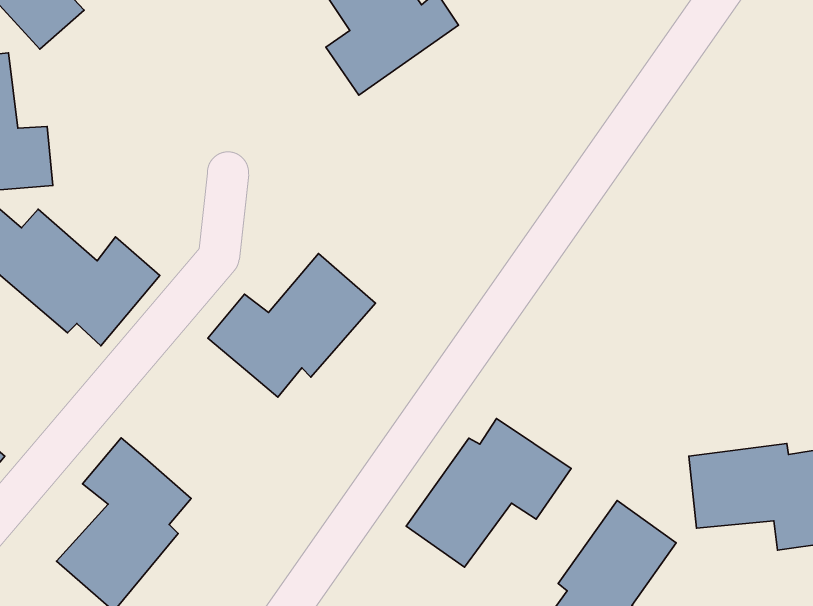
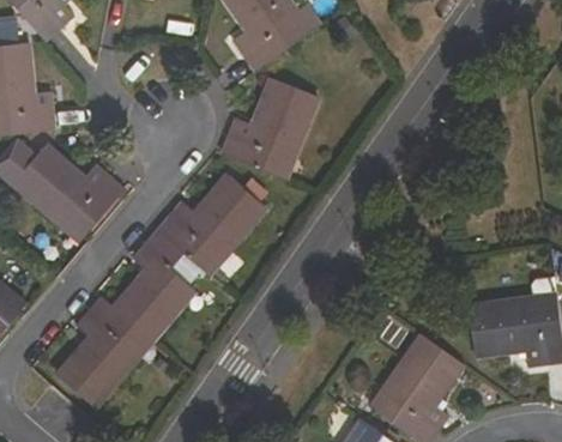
building: none -> [222,79,316,176]
building: none -> [115,230,194,340]
building: [406,418,571,567] -> none

